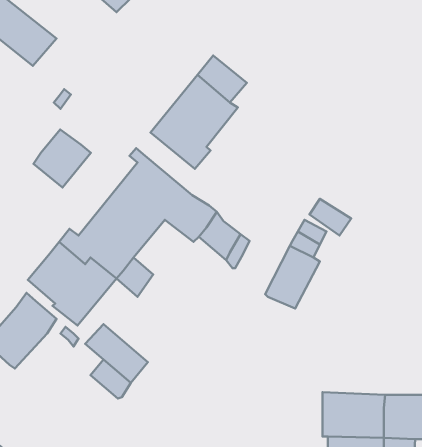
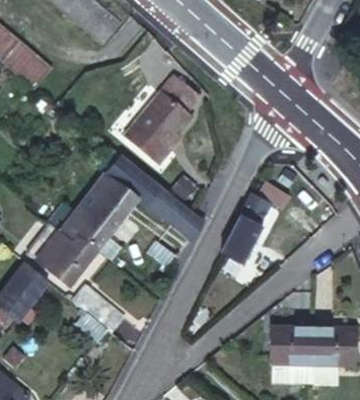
building: [33,129,91,188] -> none

